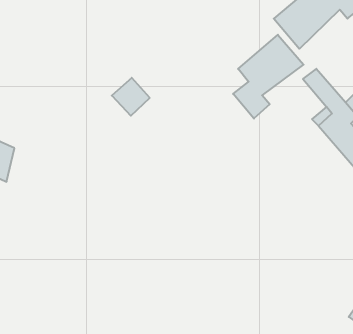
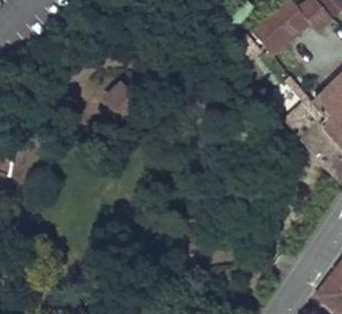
building: [233,35,304,119] -> none

